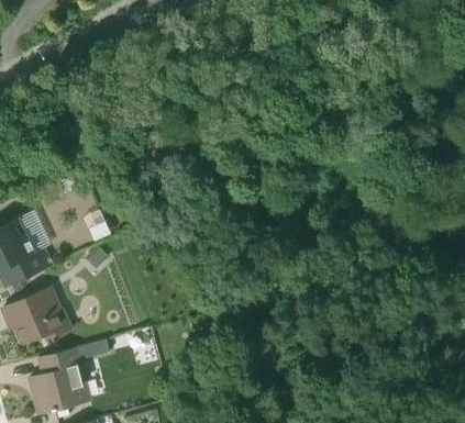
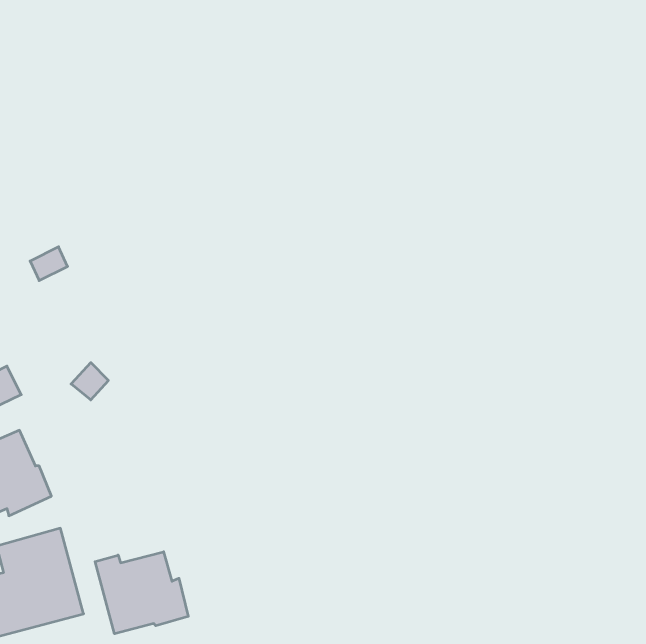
building: none -> [95,552,188,634]

